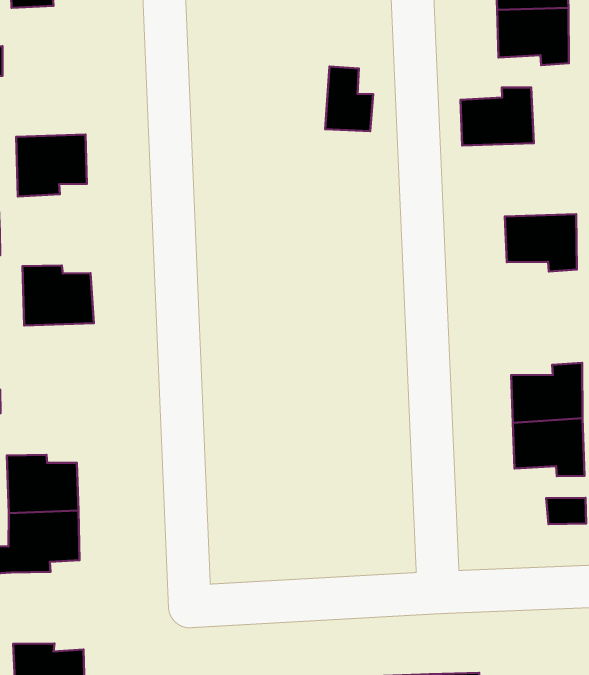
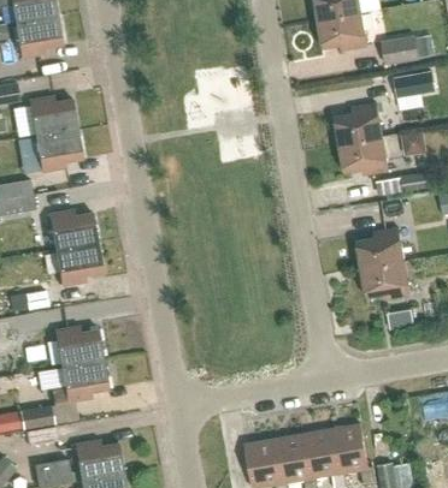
building: none -> [28,96,76,136]
building: [461,88,534,145] -> [334,103,382,144]
building: none -> [54,243,101,285]

